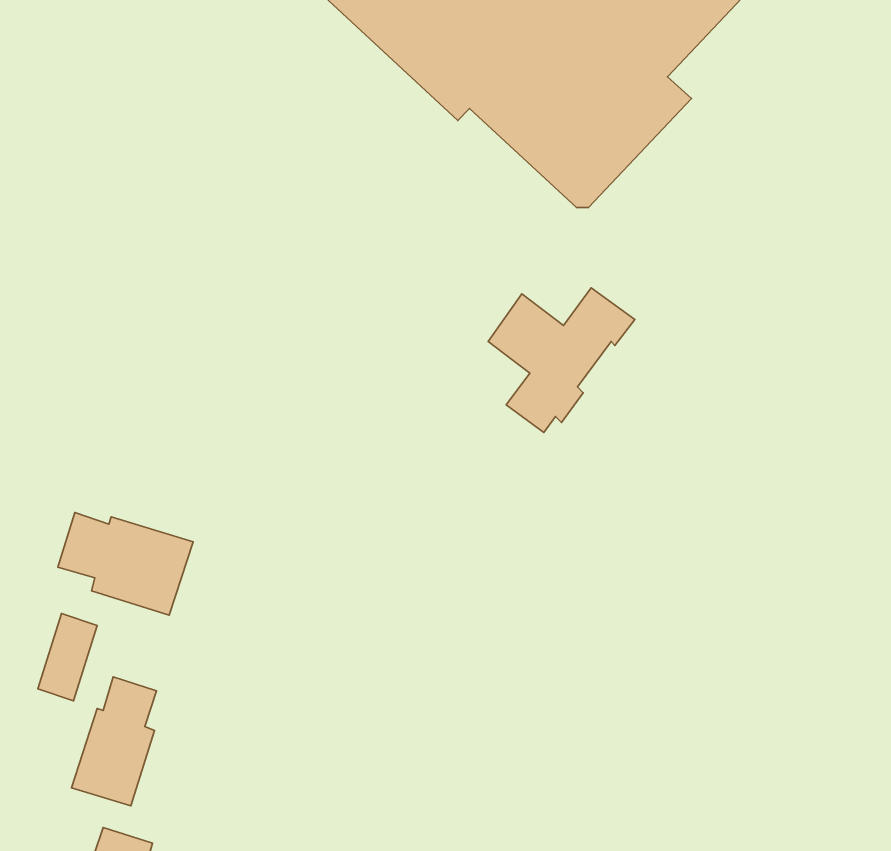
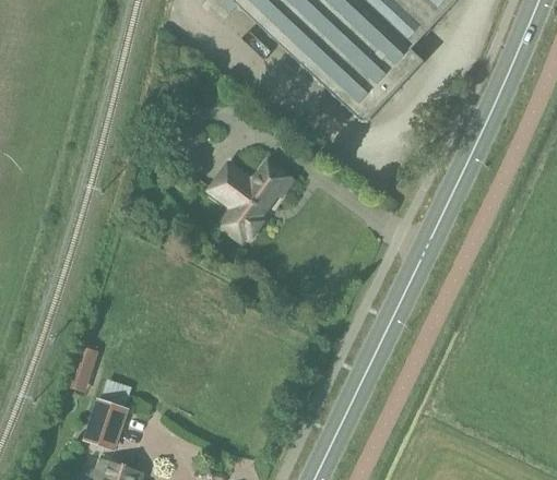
building: [488,288,635,432] -> [213,158,294,238]
building: [58,513,193,615] -> none

